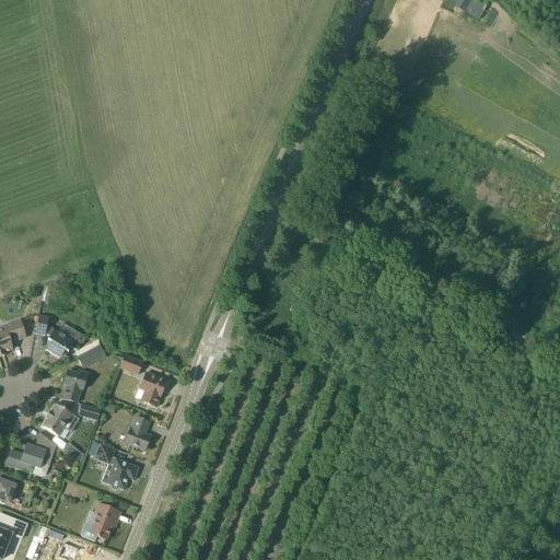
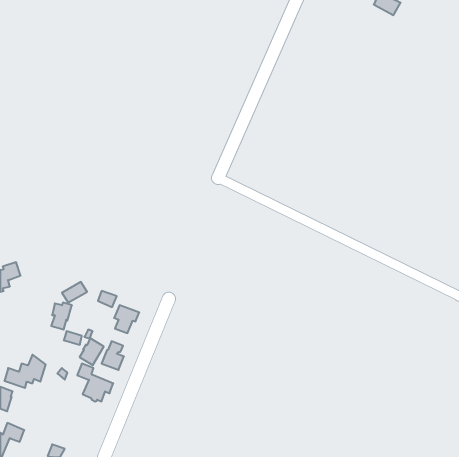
building: [35,314,86,358] -> none
building: [42,402,71,435] -> [80,338,104,365]
building: [81,502,120,540] -> none

